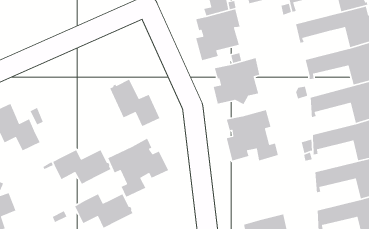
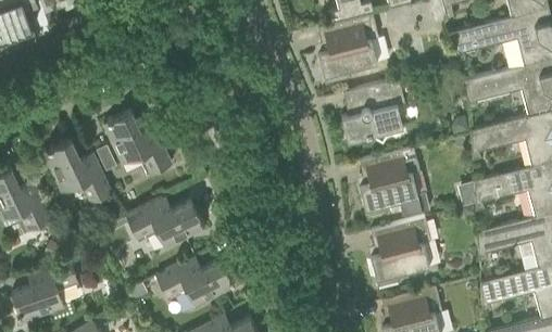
building: [109,79,160,127] -> [103,111,172,176]
building: [107,138,169,198] -> none
building: none -> [369,217,430,286]

